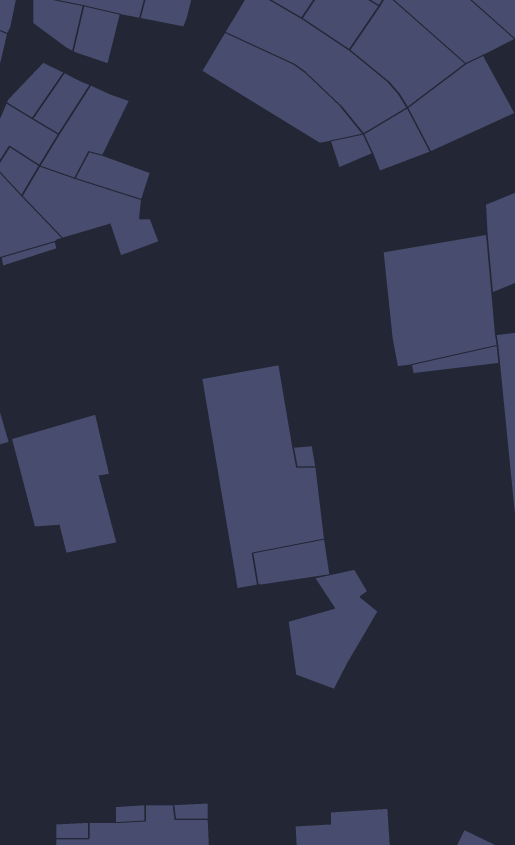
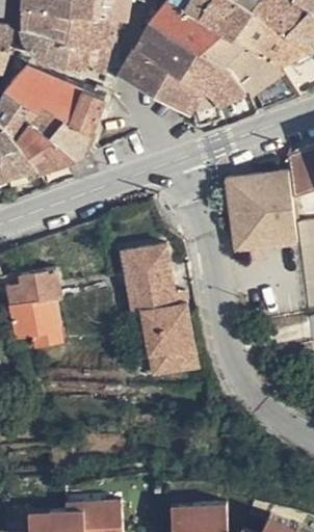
building: none -> [66,36,110,66]
building: none -> [62,87,103,130]
building: [288,569,378,690] -> none

